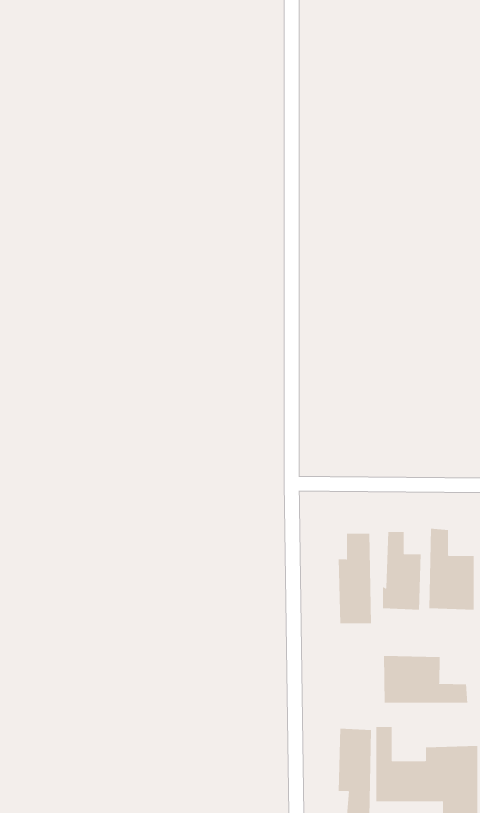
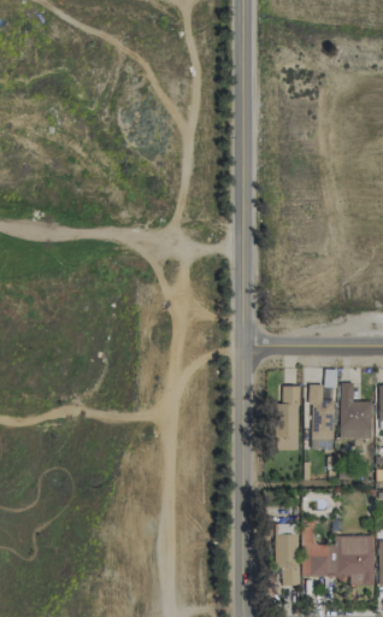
building: [383,655,468,703] -> none

